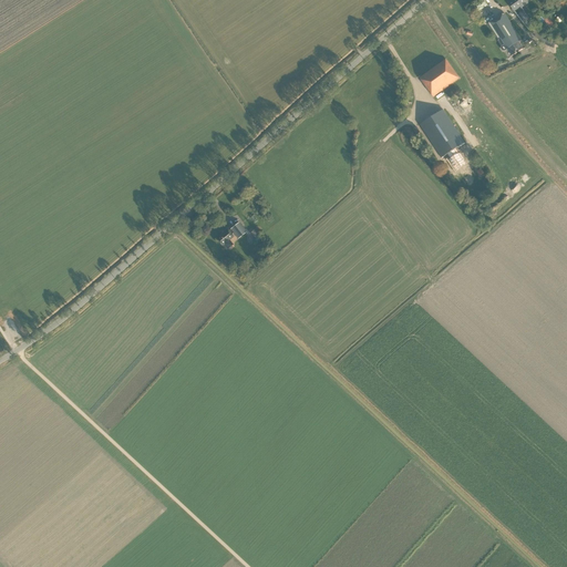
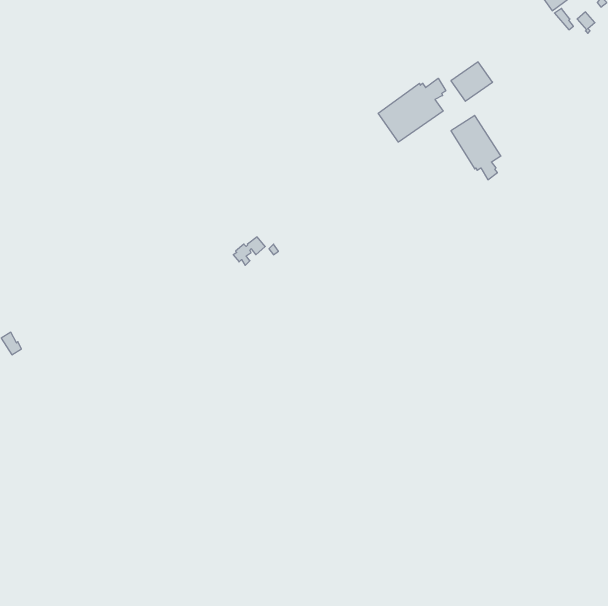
building: [487,12,523,54] -> none
building: none -> [378,78,446,142]

